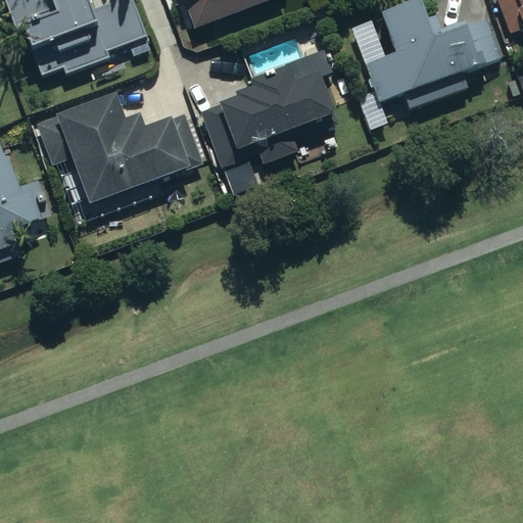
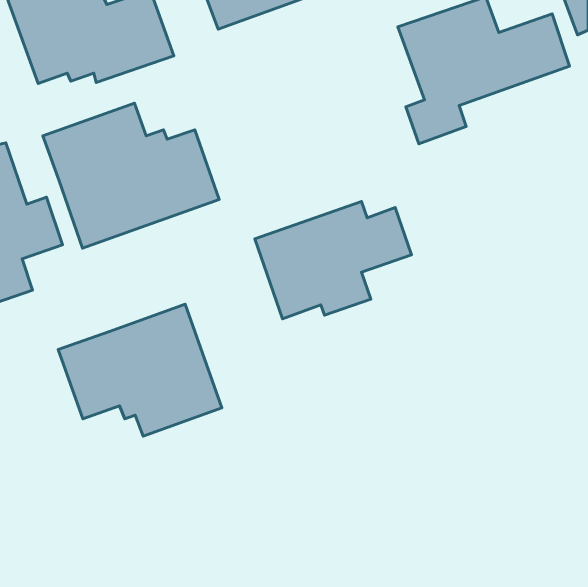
building: [199,64,337,168] -> [255,202,411,319]
building: none -> [58,304,222,436]

